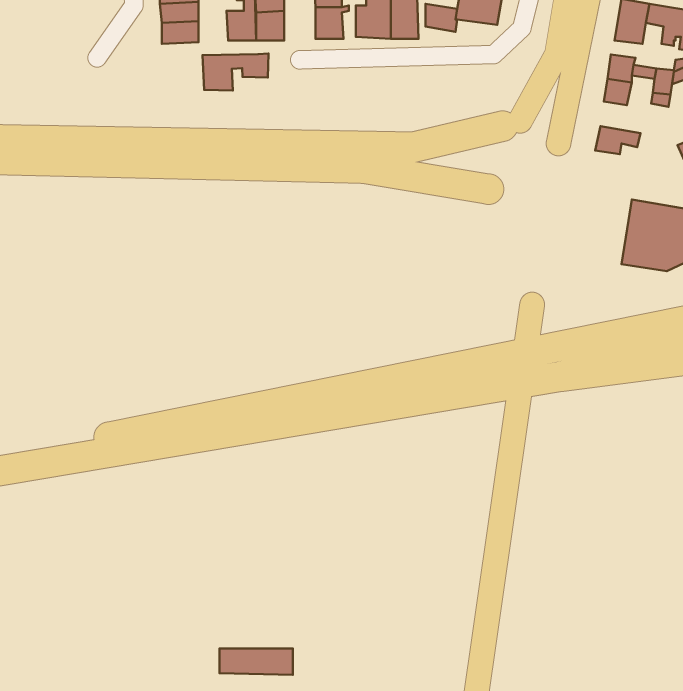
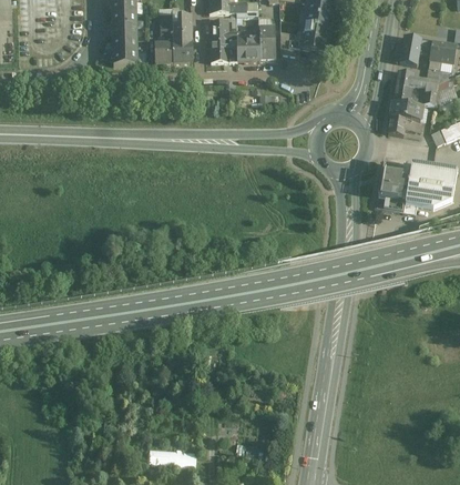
building: [203,54,268,90] -> none
building: none -> [391,101,422,121]
building: none -> [377,172,409,212]

